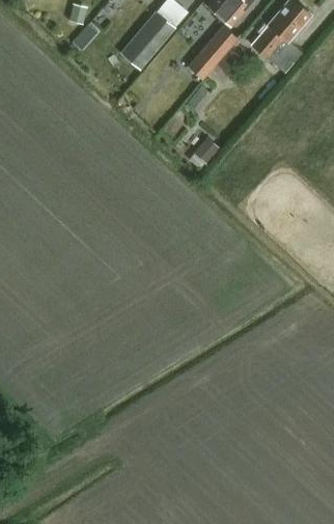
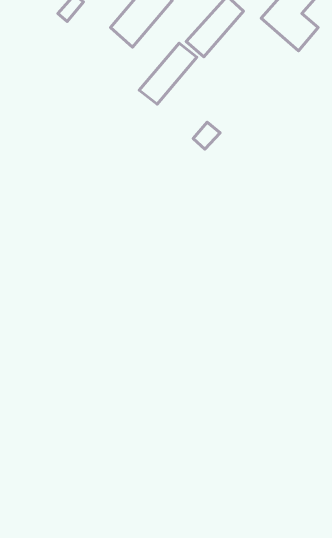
building: none -> [139,43,197,104]

